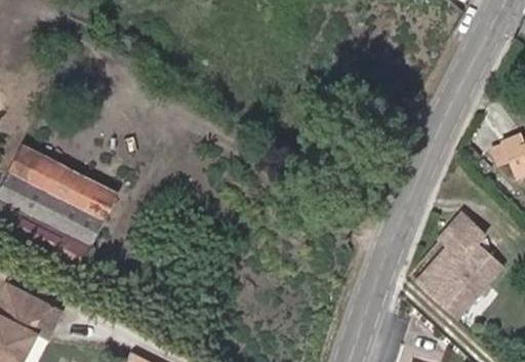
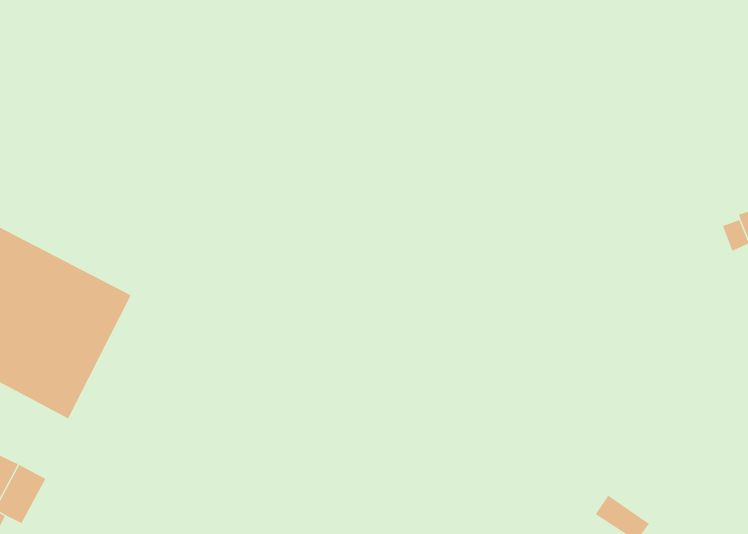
building: [416,215,503,320] -> none

